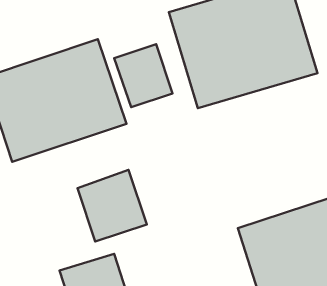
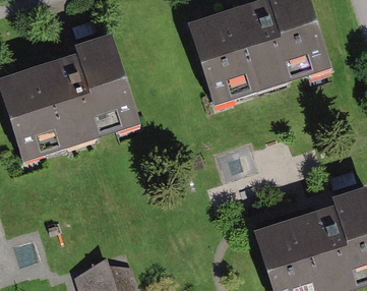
building: [114,44,173,107] -> none
building: [78,170,147,242] -> none

